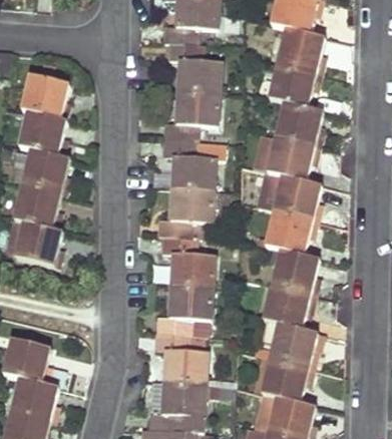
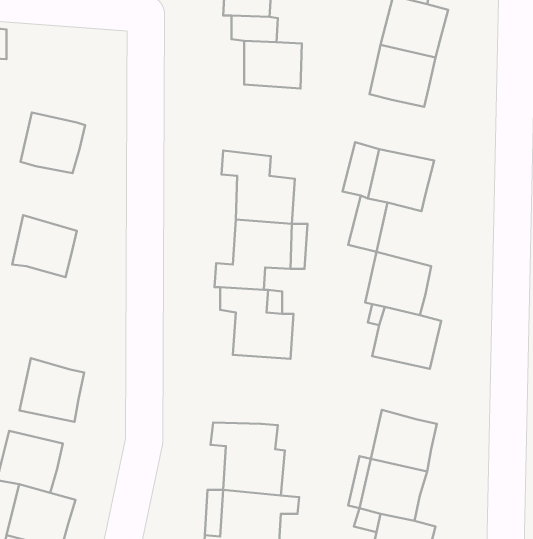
building: [21,73,69,117] -> none
building: [164,90,220,141] -> none
building: [276,101,324,144] -> none
building: [22,148,69,194] -> none
building: [274,174,322,220] -> none
building: [16,220,62,265] -> [20,358,84,422]
building: [157,283,213,332] -> none
building: [263,284,312,329] -> none

